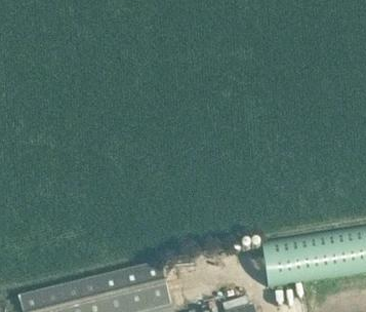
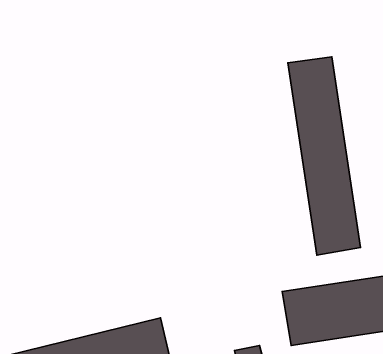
building: none -> [288,57,361,255]

